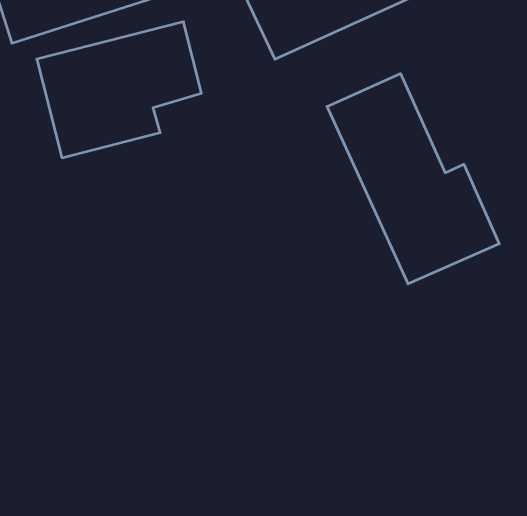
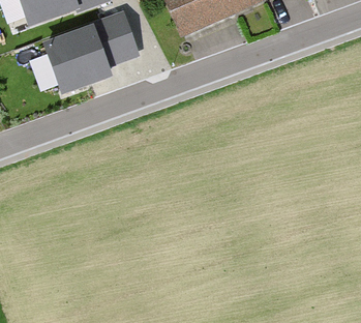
building: [327,74,499,284] -> none

